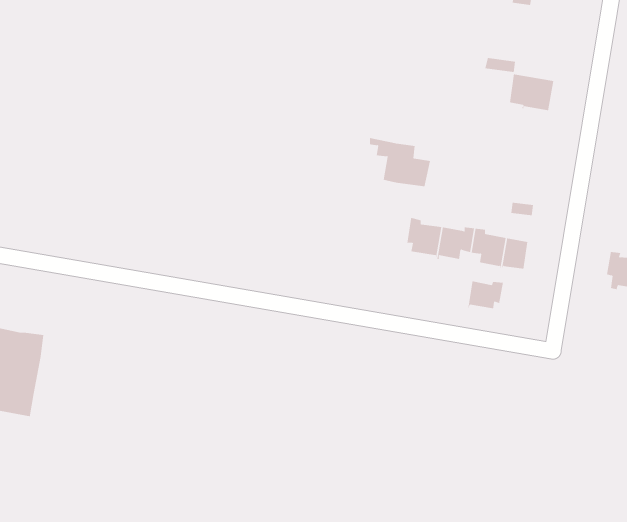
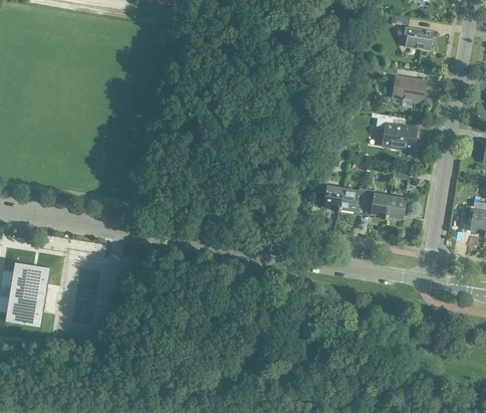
building: none -> [403,26,433,50]
building: [369,138,431,187] -> [371,112,416,148]
building: [468,281,503,309] -> none

